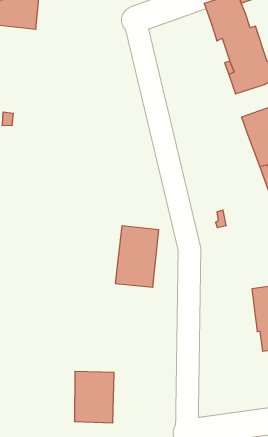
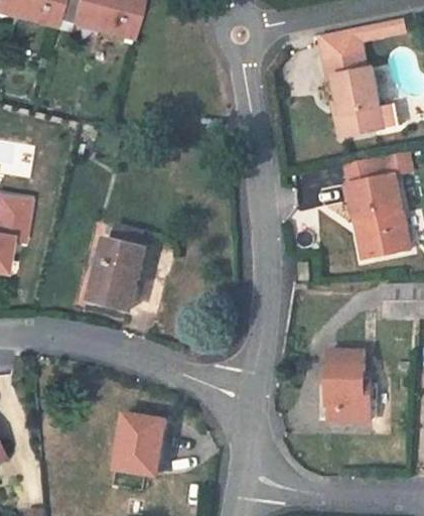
building: [115,226,159,287] -> [89,239,144,310]

